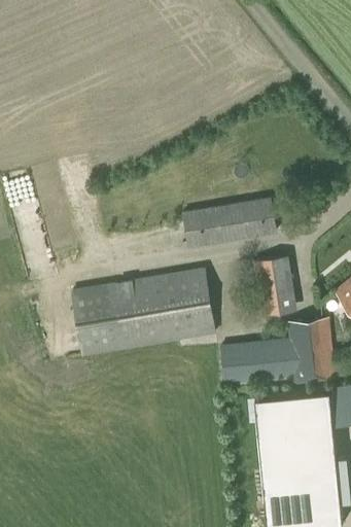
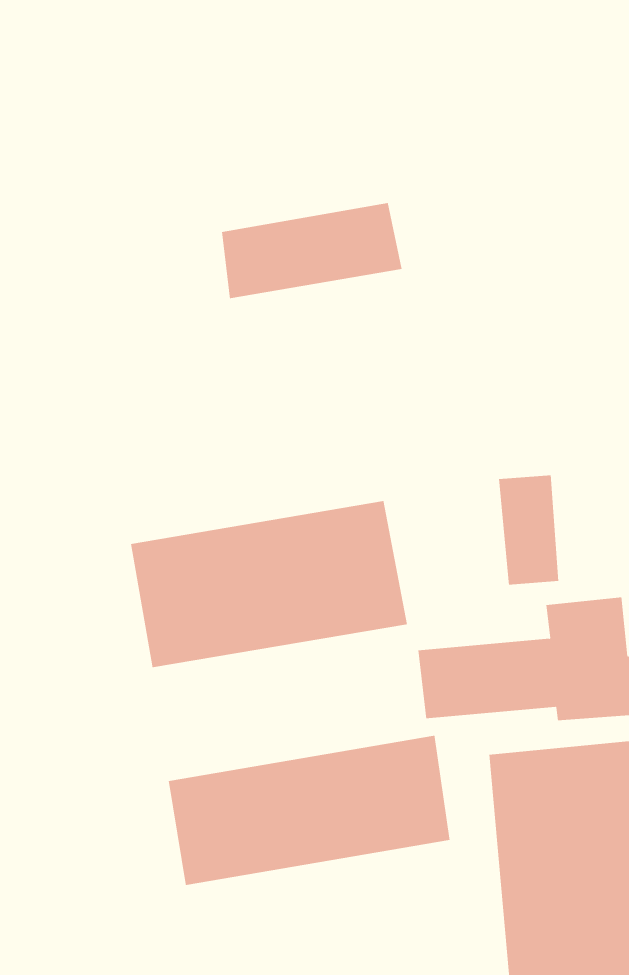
building: [182,198,277,248] -> [221,202,402,299]
building: none -> [168,735,450,886]

